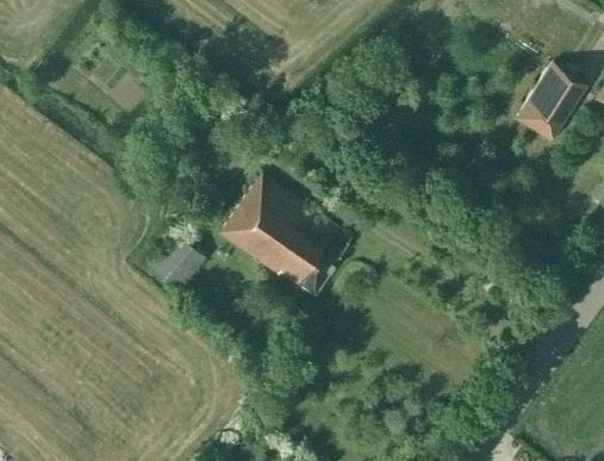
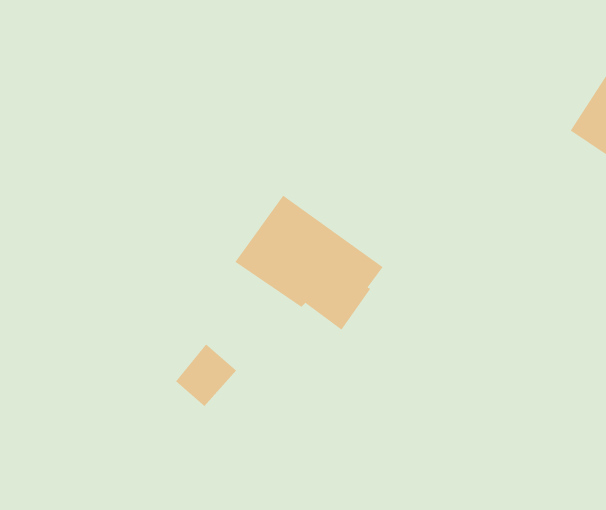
building: [150,235,205,291] -> [175,344,237,407]

